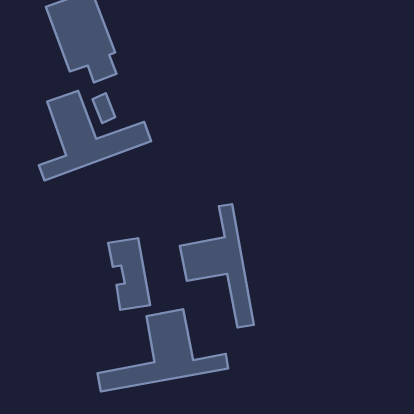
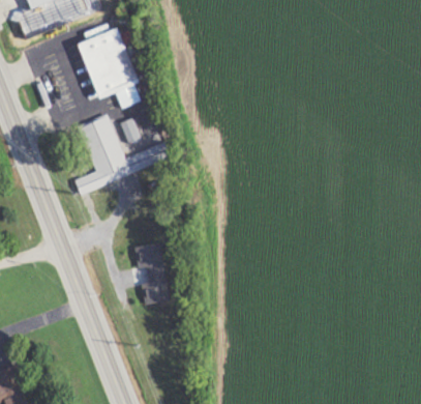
building: [180,204,254,328] -> none
building: [98,309,228,391] -> none

